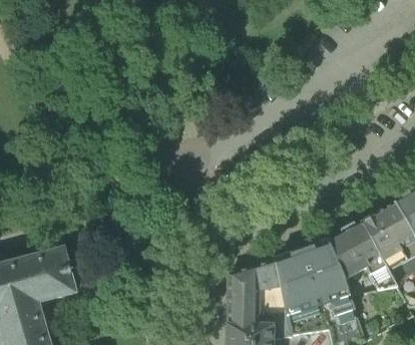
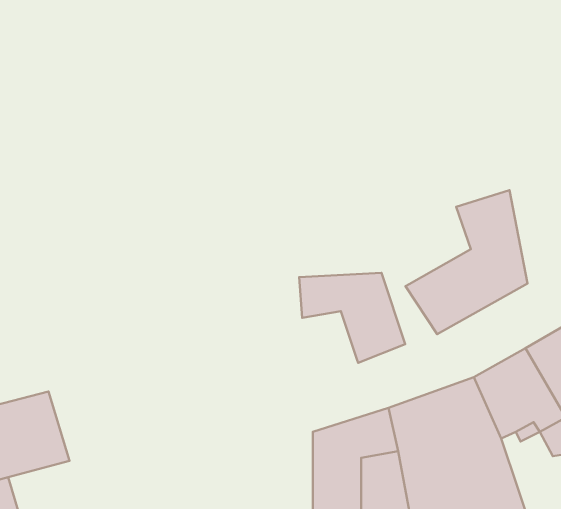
building: none -> [405,190,527,334]
building: none -> [299,273,405,363]

